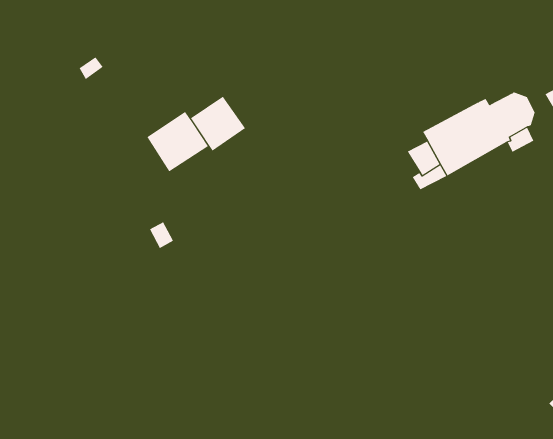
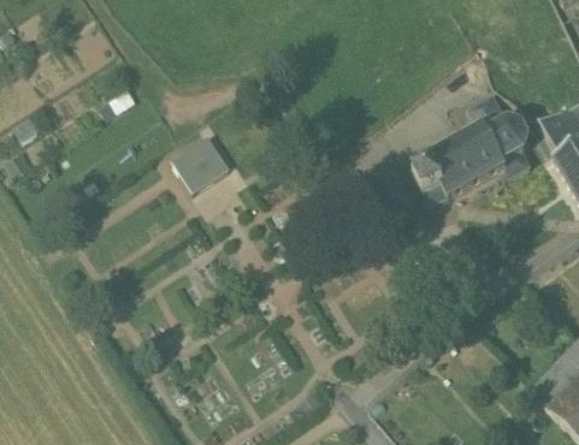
building: none -> [468,90,510,129]
building: [190,96,246,152] -> none

